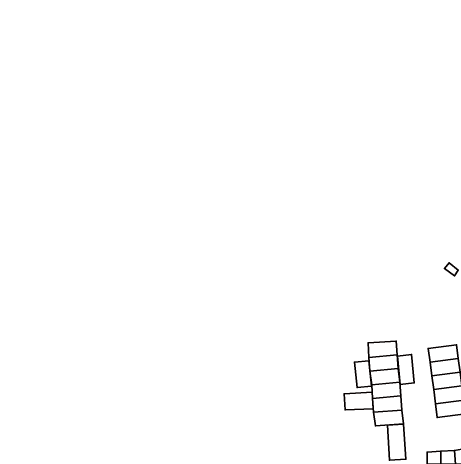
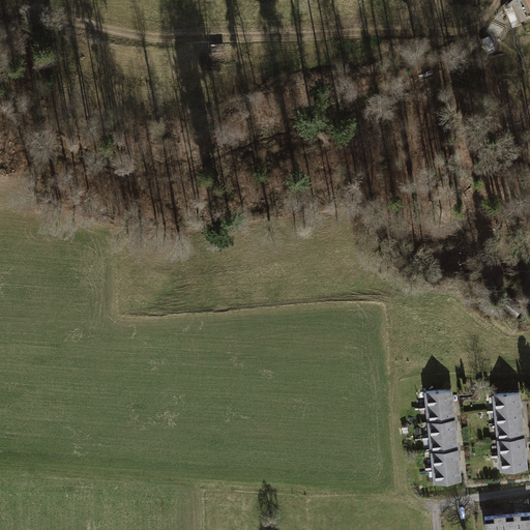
building: [397,354,414,385] -> none
building: [355,361,371,388] -> none
building: [344,392,373,410] -> none
building: [387,424,406,460] -> none

